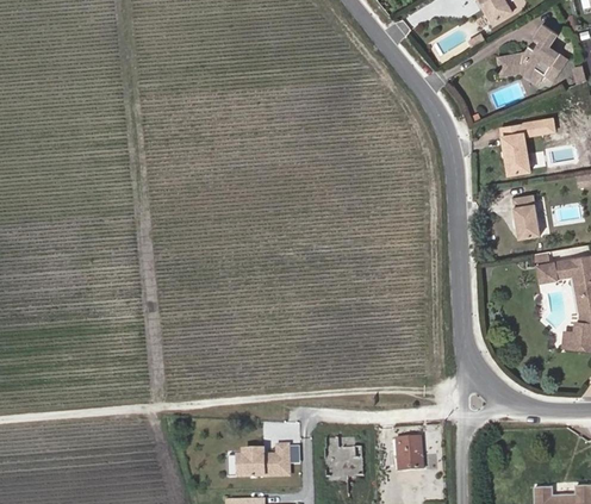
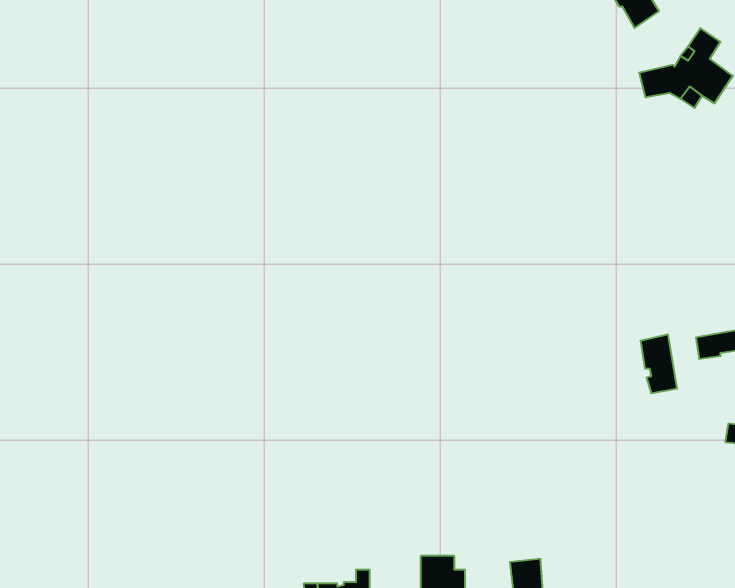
building: [500,120,553,176] -> none
building: [515,194,543,239] -> [640,335,677,393]

